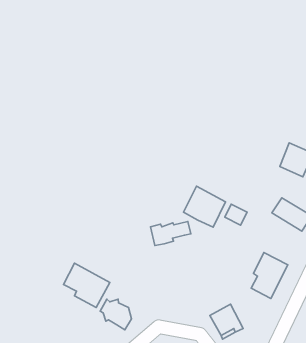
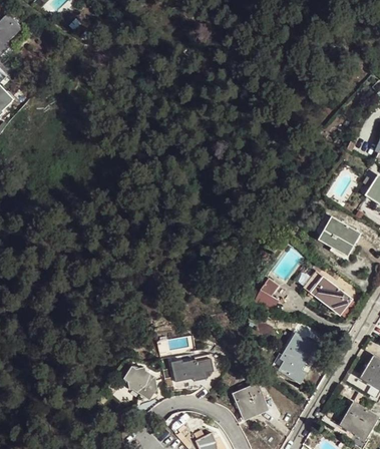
building: [183,186,225,227] -> none
building: [150,222,191,246] -> [165,362,208,384]
building: [64,263,110,308] -> none

